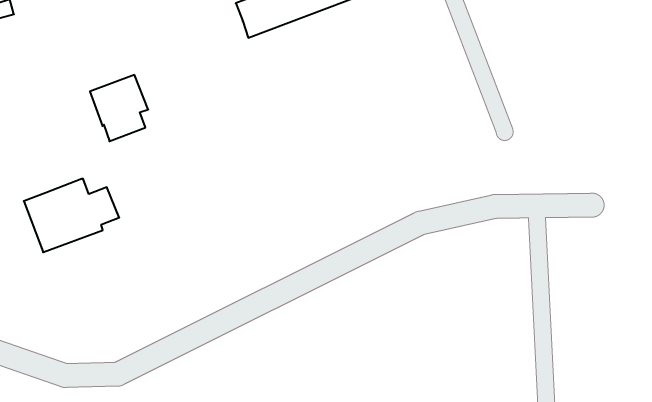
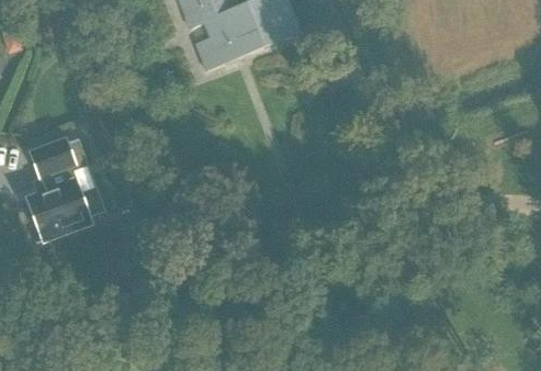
building: [90,75,148,141] -> [31,138,77,191]

